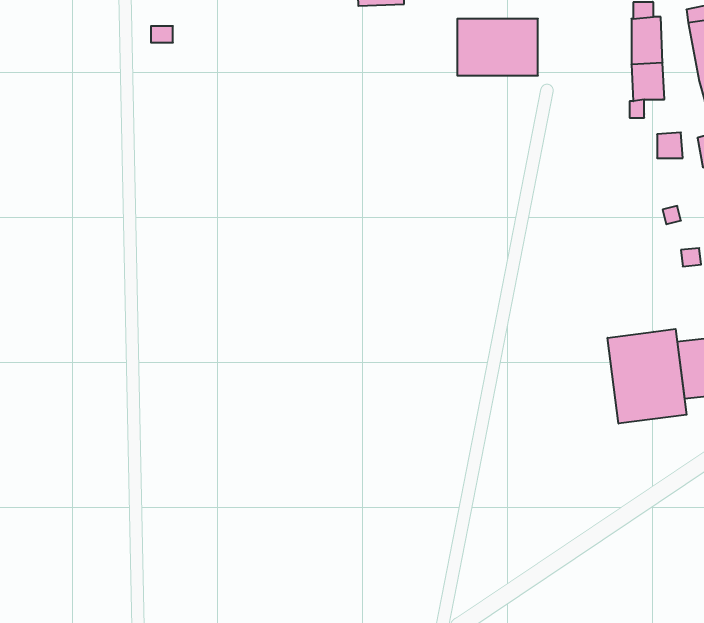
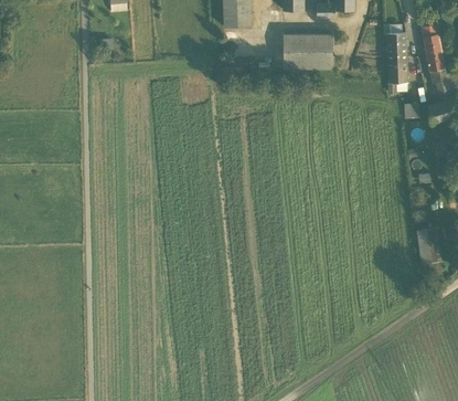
building: [608,329,687,424] -> none

